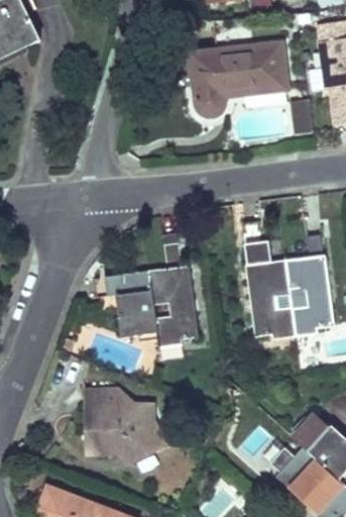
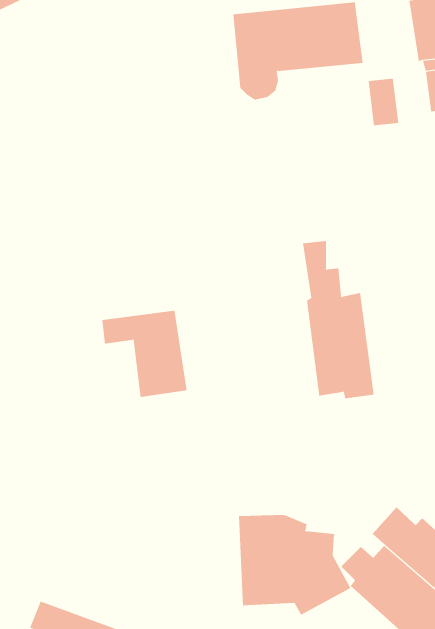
building: [148,232,198,346] -> none
building: [285,233,335,334] -> none
building: [82,388,165,462] -> [238,515,351,616]

